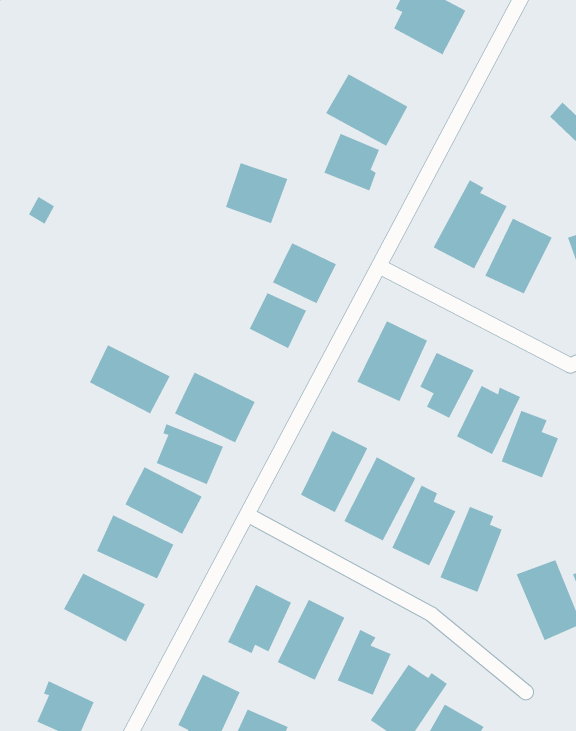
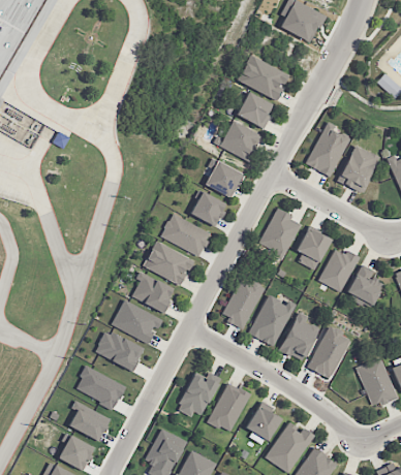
building: [225,162,288,224] -> [220,121,259,159]
building: [89,345,170,414] -> [161,213,212,256]
building: none -> [68,401,111,441]

